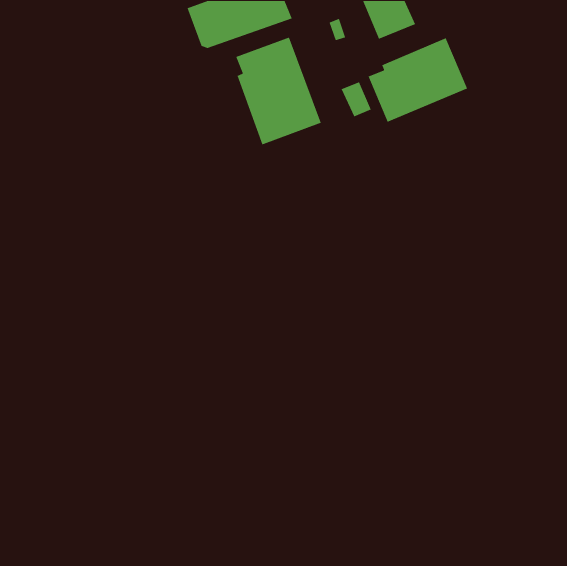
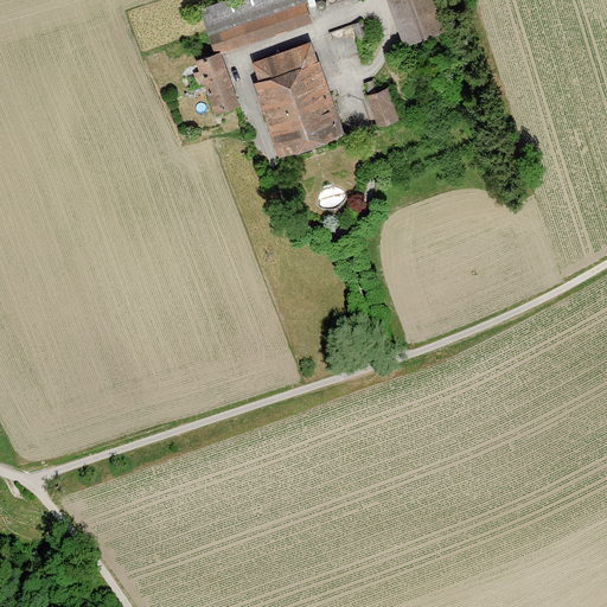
building: [367,37,468,123] -> none
building: none -> [191,51,238,110]

